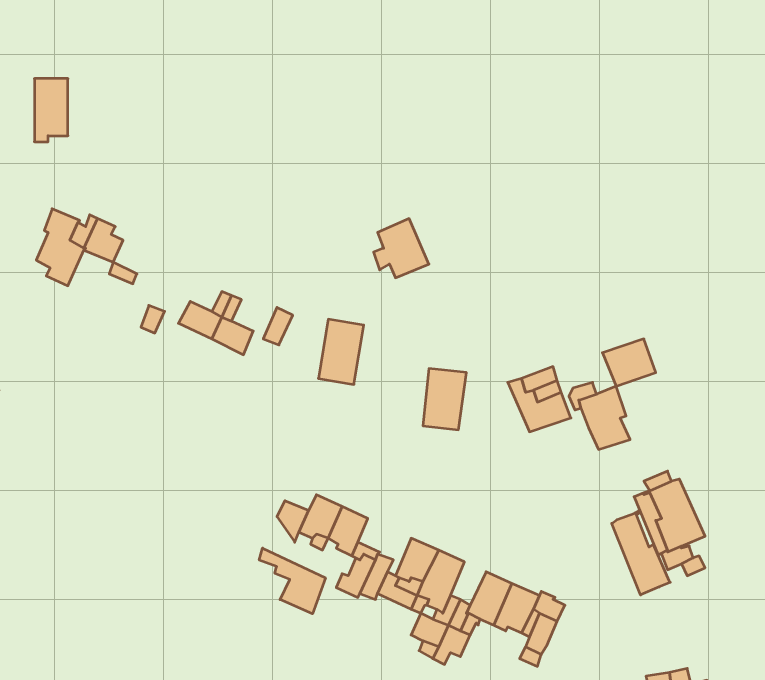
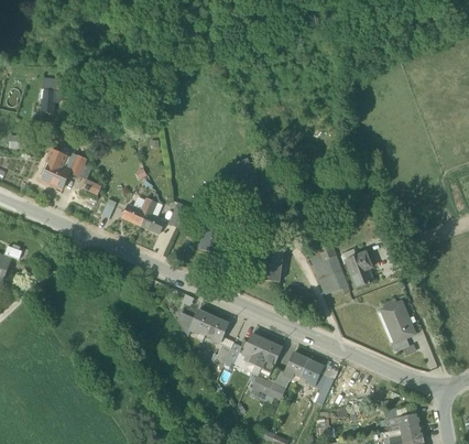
building: [602,339,656,386] -> [318,267,348,293]
building: [612,511,670,595] -> none
building: [259,548,325,614] -> none

